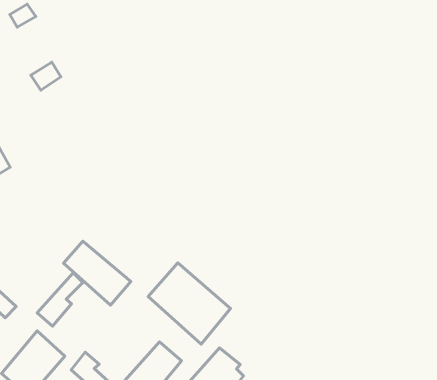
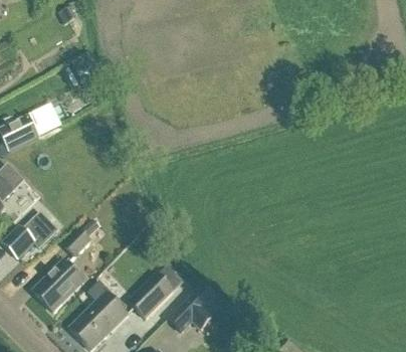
building: [64,241,131,305] -> none
building: [148,263,231,344] -> none

